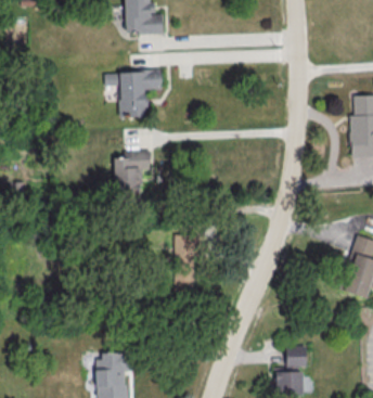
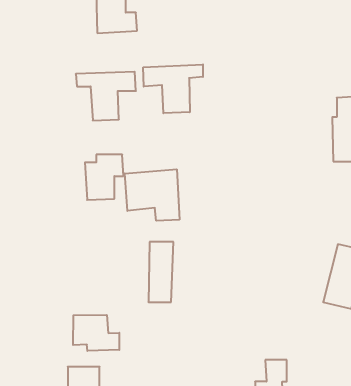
building: none -> [143,64,203,113]
building: none -> [125,169,179,221]
building: none -> [73,315,119,351]

